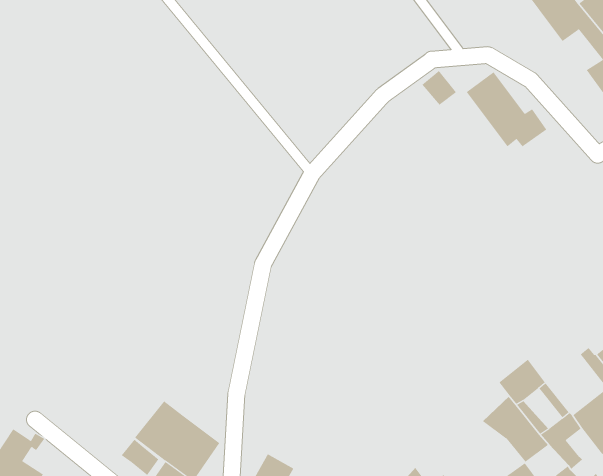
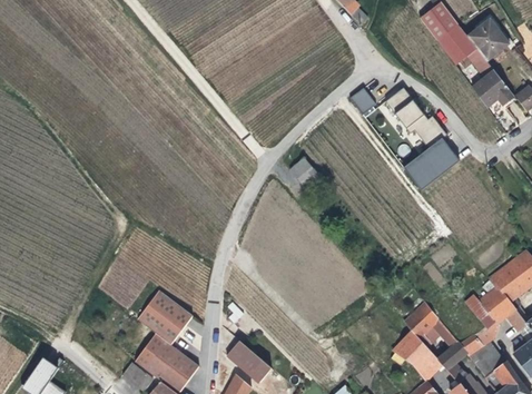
building: none -> [403,138,460,189]
building: none -> [288,156,321,189]
building: none -> [137,292,194,346]
building: none -> [227,343,274,386]

